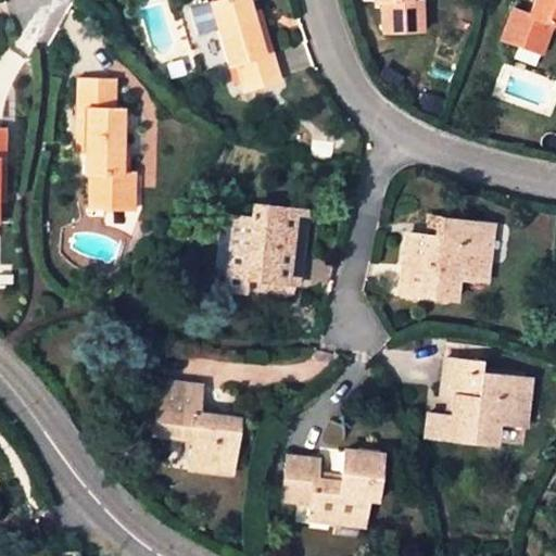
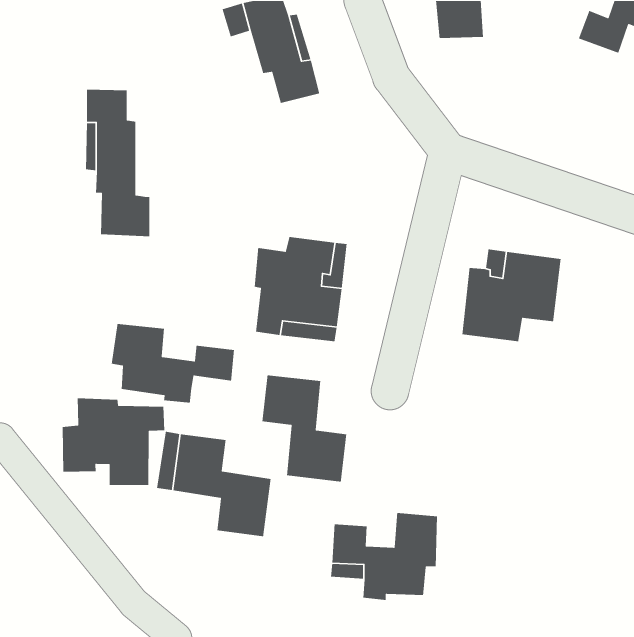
building: none -> [111,323,235,403]
building: none -> [261,374,347,483]
building: none -> [62,398,165,486]
building: [424,358,522,445] -> none

